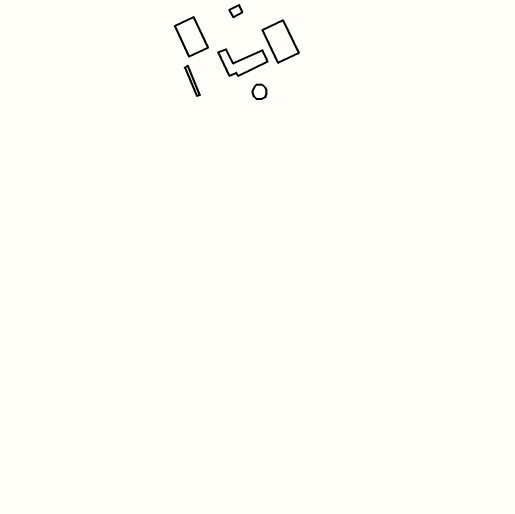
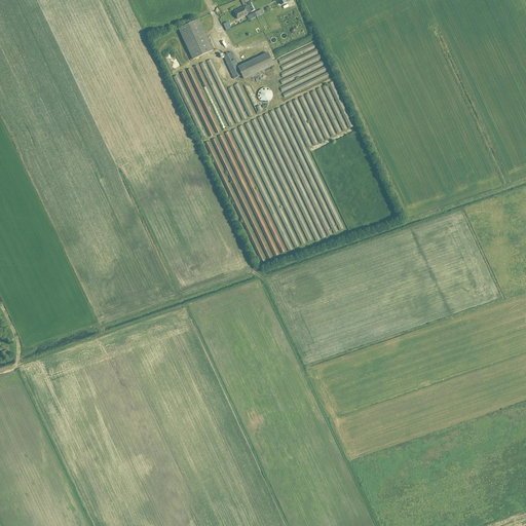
building: [262,20,299,63] -> none

